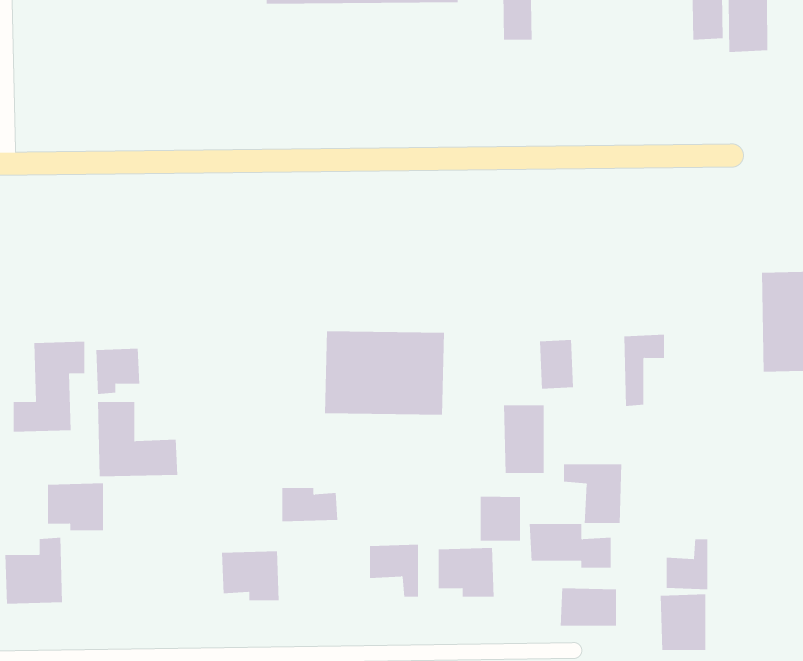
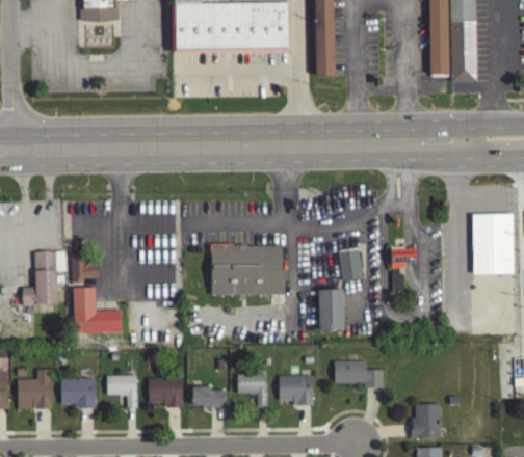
building: [564,463,622,524] -> none
building: [47,483,104,531] -> [60,379,95,408]
building: [281,487,338,522] -> [191,387,226,408]
building: [480,496,521,542] -> none
building: [666,538,708,590] -> none
building: none -> [105,376,135,409]
building: [560,588,616,626] -> none

